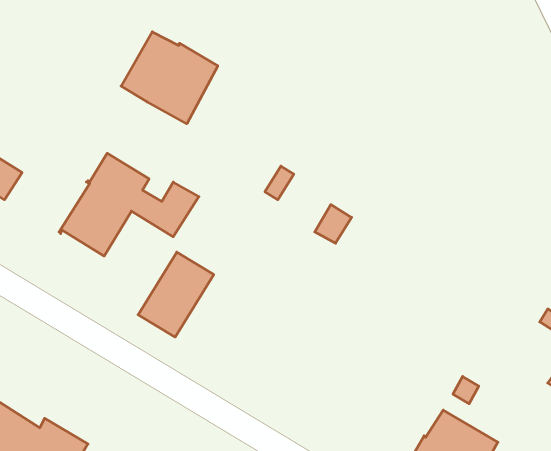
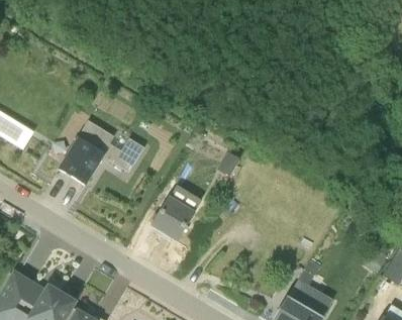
building: [121,32,218,124] -> none
building: [138,252,214,337] -> [153,186,200,239]

